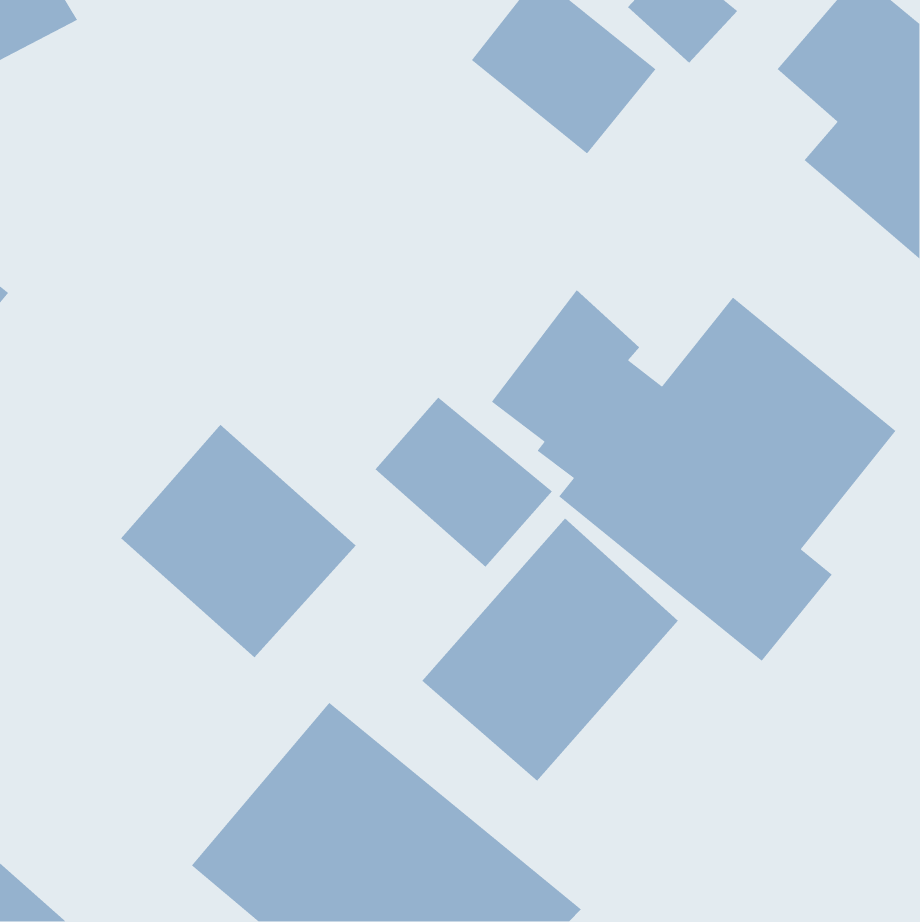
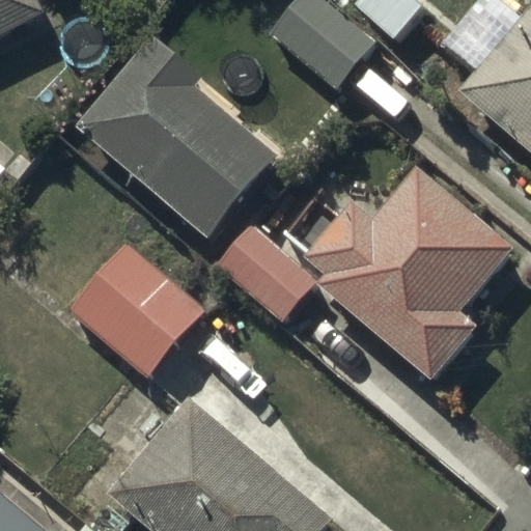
building: none -> [76,36,280,241]
building: [421,518,679,782] -> none

